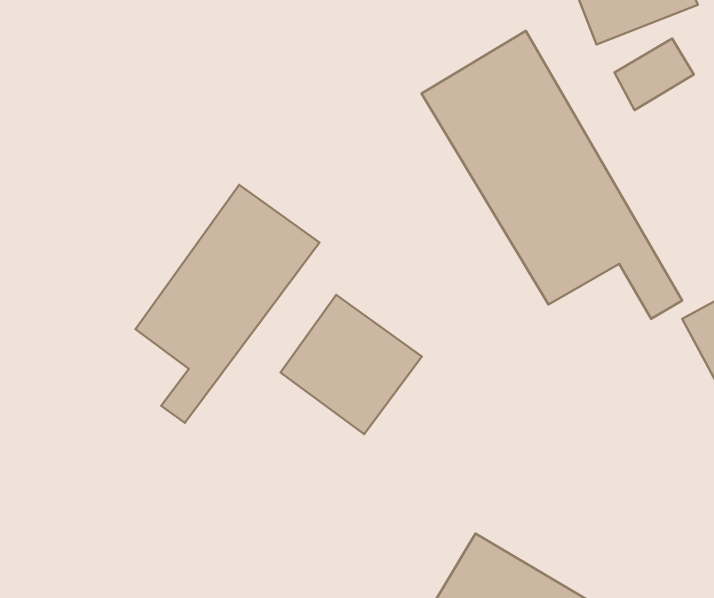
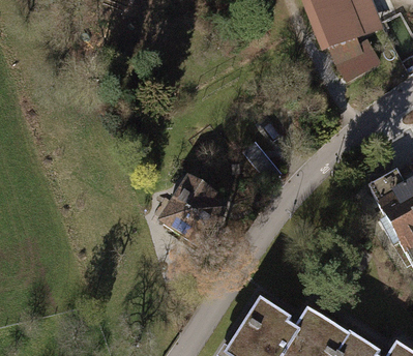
building: [421,31,682,319] -> none
building: [135,185,319,423] -> none

